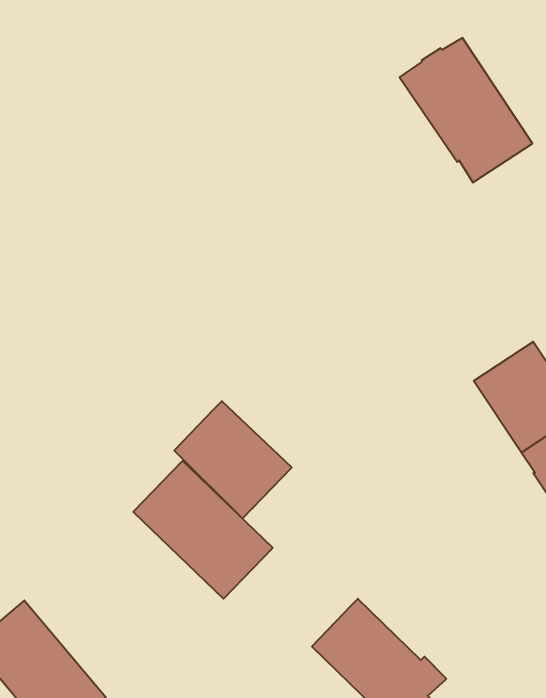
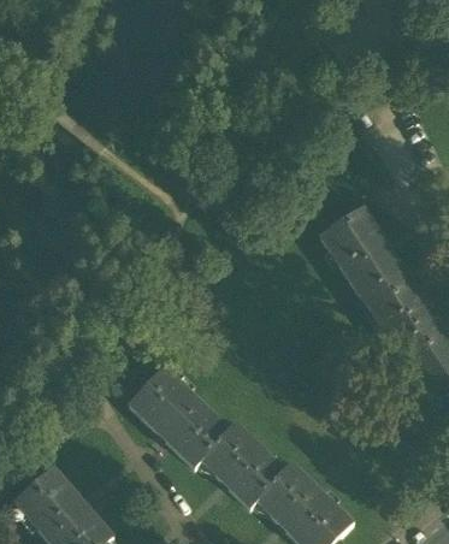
building: [400,38,532,183] -> [319,208,413,311]
building: [174,401,292,518] -> [201,422,284,505]

